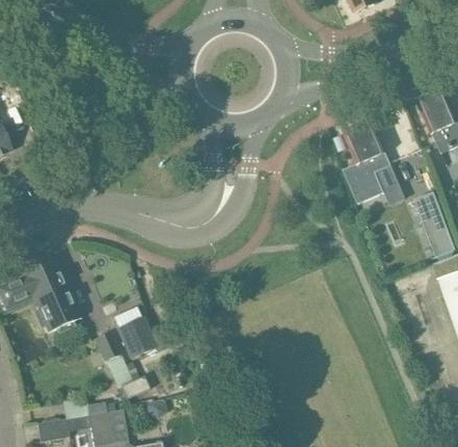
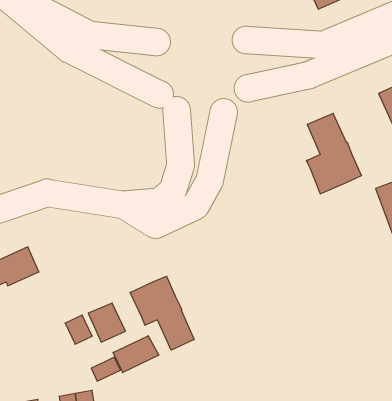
building: [32,285,79,332] -> none
building: none -> [130,276,194,350]
building: none -> [113,336,159,373]

